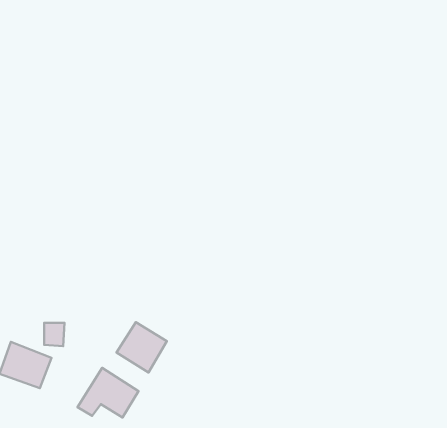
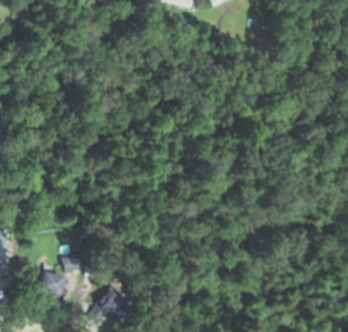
building: [116,322,167,373] -> none

